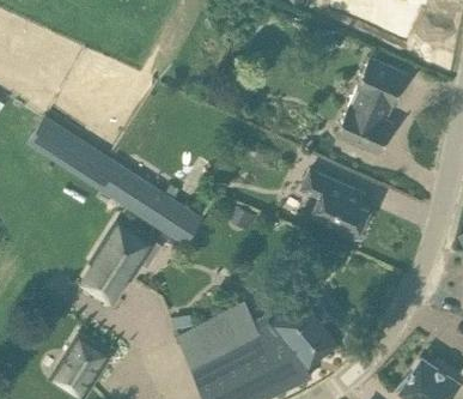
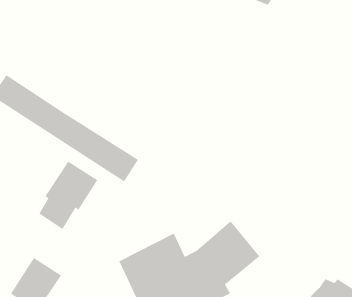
building: [335,58,408,153] -> none
building: [305,170,370,236] -> none

